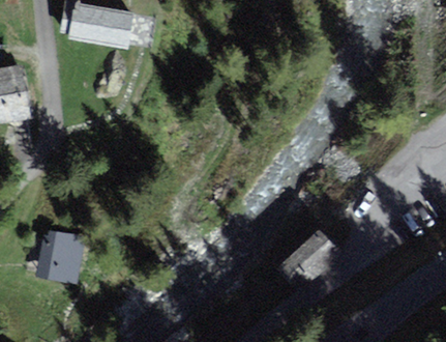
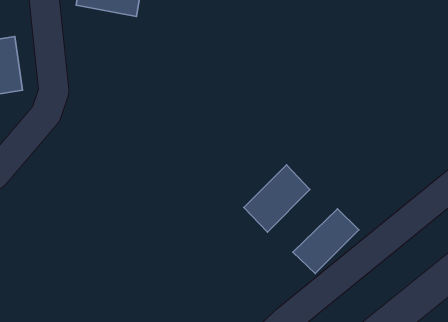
building: none -> [244,165,310,232]
building: [37,228,83,280] -> none

